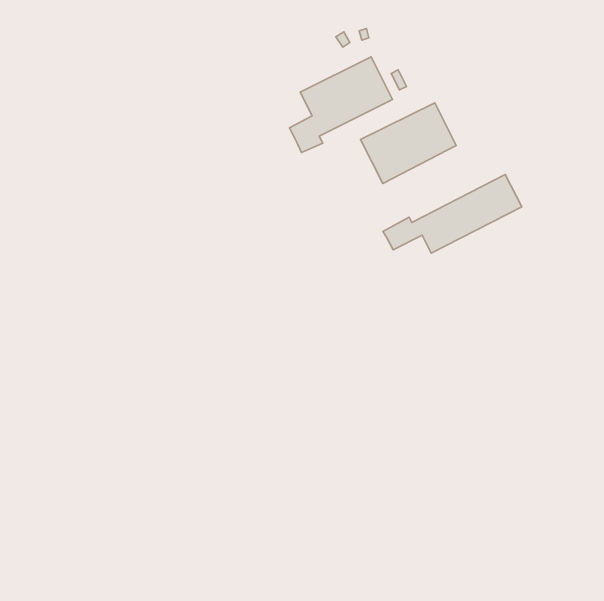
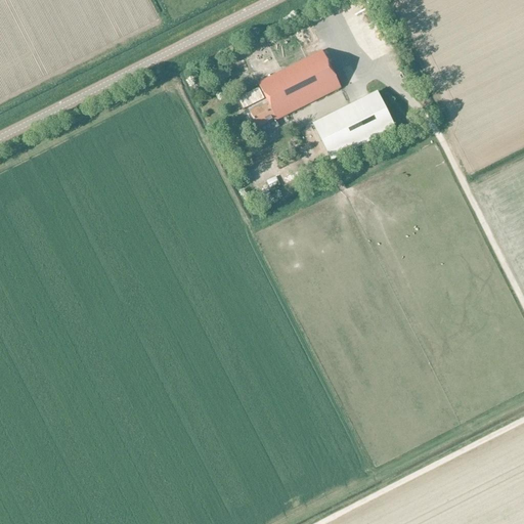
building: [383,174,522,253] -> none

